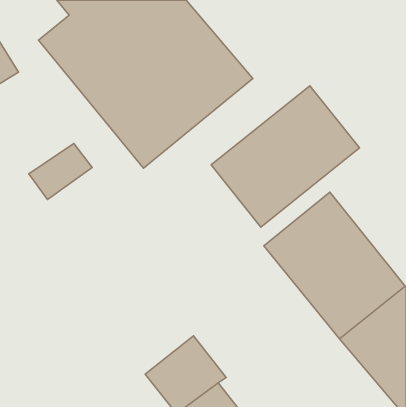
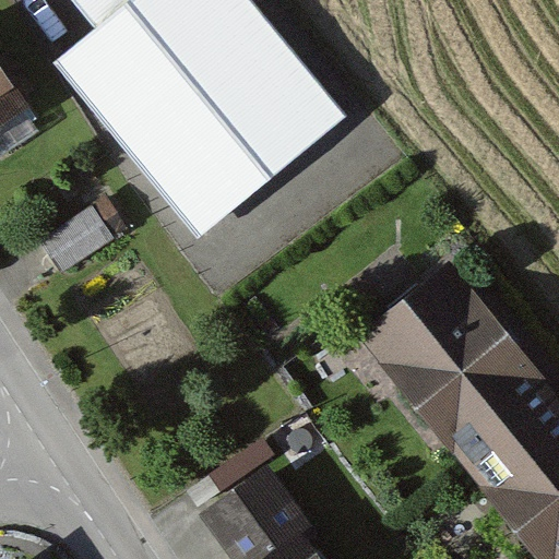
building: [211,86,360,227] -> none

